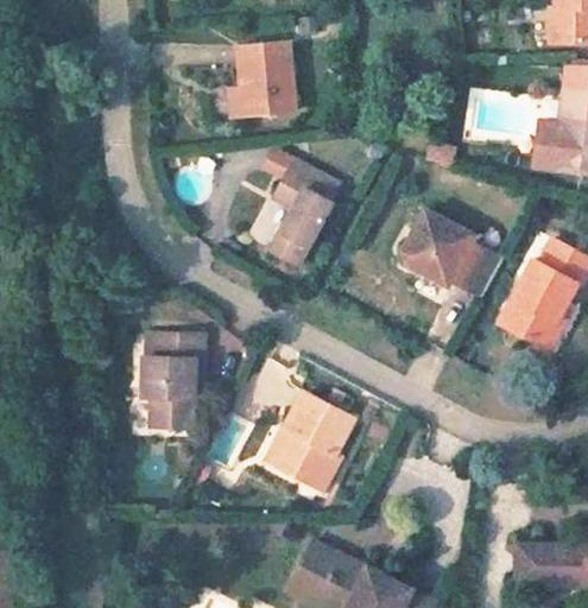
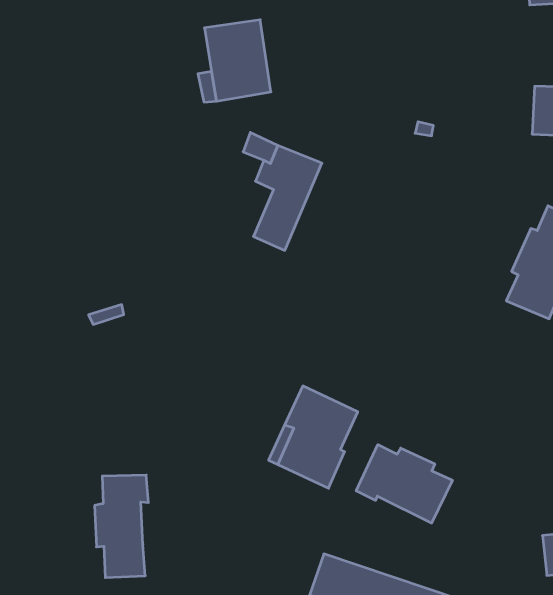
building: [396,213,501,300] -> none
building: [144,334,196,431] -> [95,475,148,578]
building: none -> [356,445,452,523]

